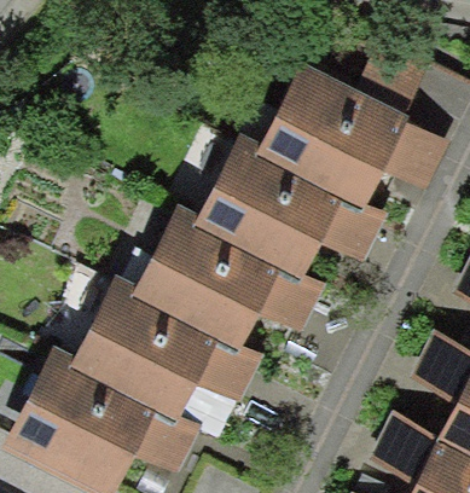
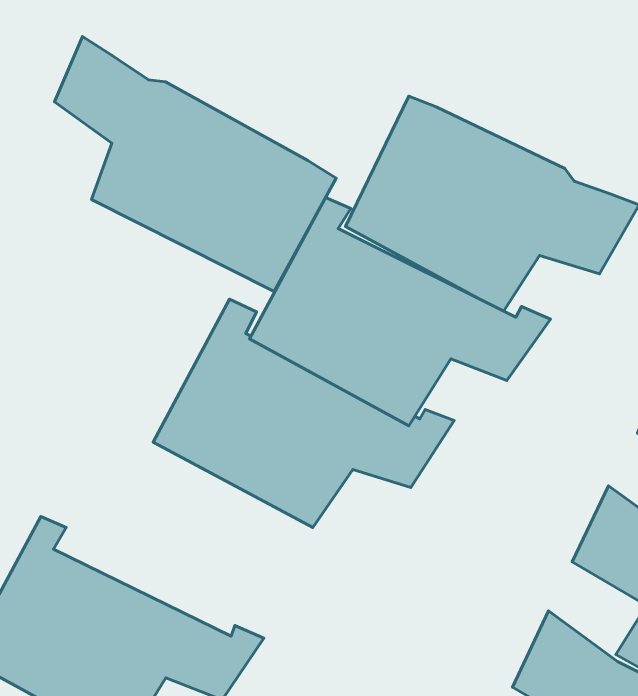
building: none -> [54,37,336,291]
building: [70,274,269,427] -> none

